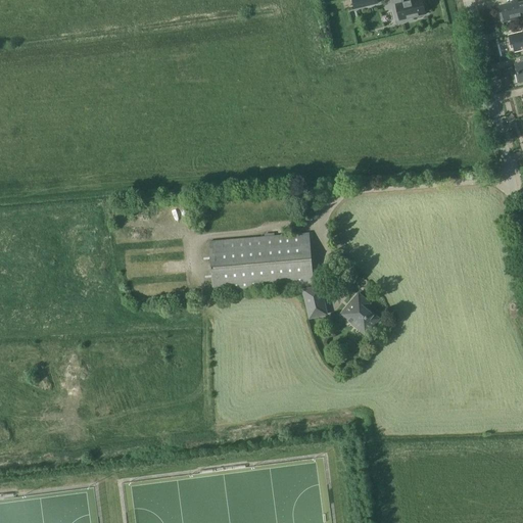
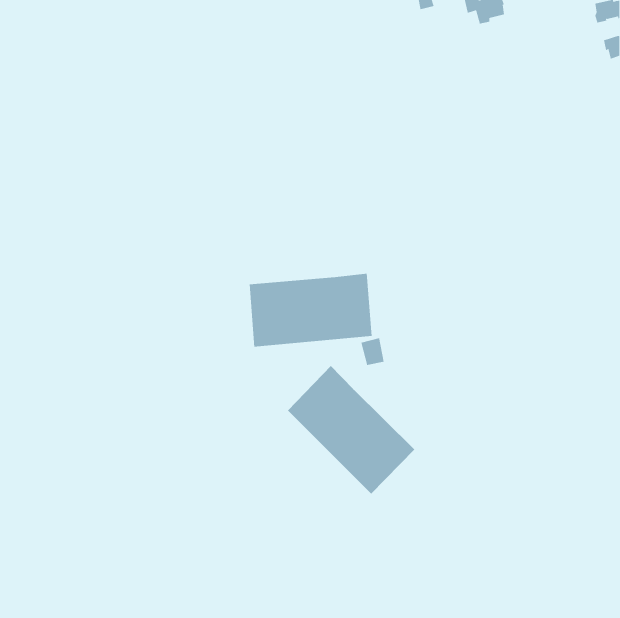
building: [342,295,377,330] -> none
building: none -> [287,365,415,495]

